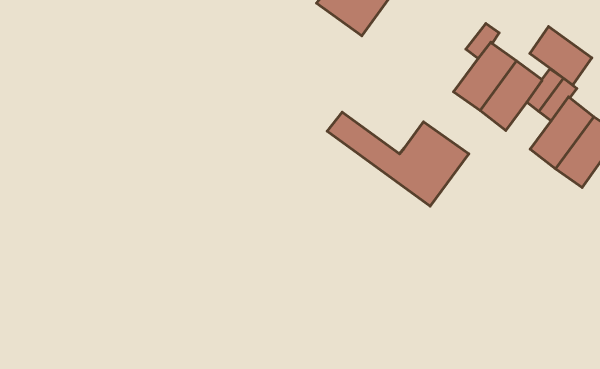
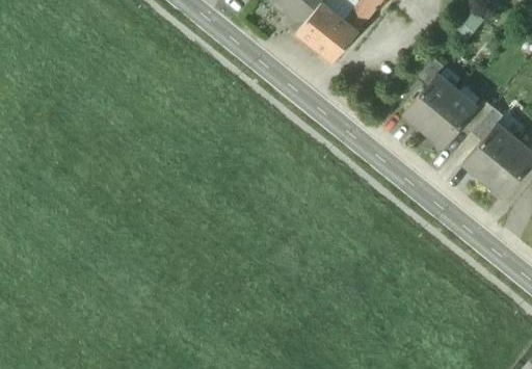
building: [530,26,592,85] -> none
building: [327,112,469,206] -> none

